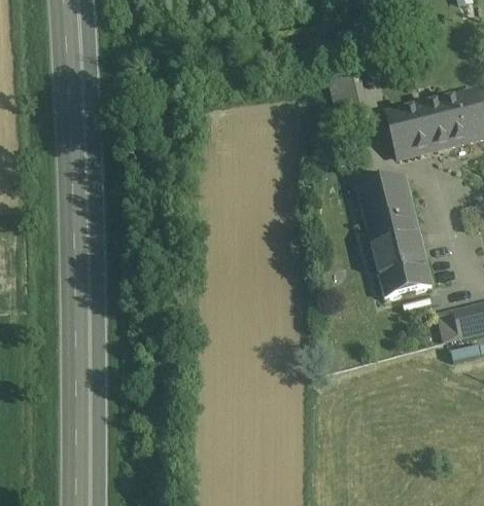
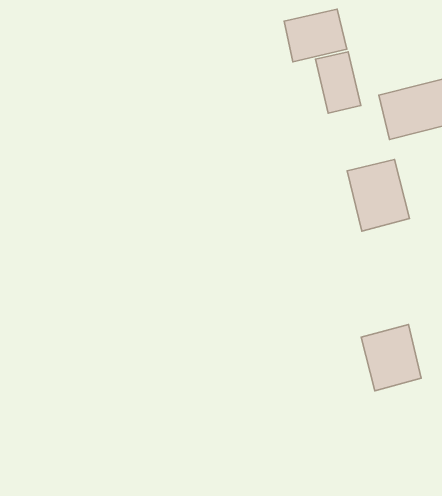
building: none -> [284,9,347,62]
building: [372,232,430,297] -> [361,324,421,391]

